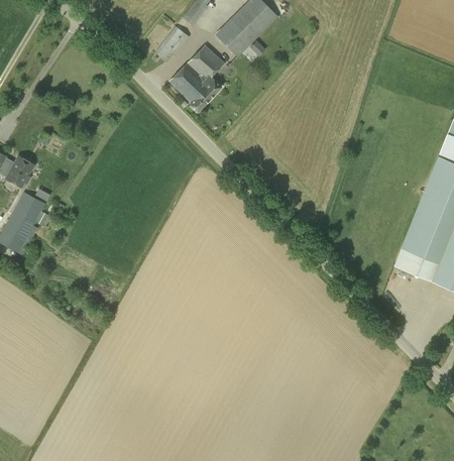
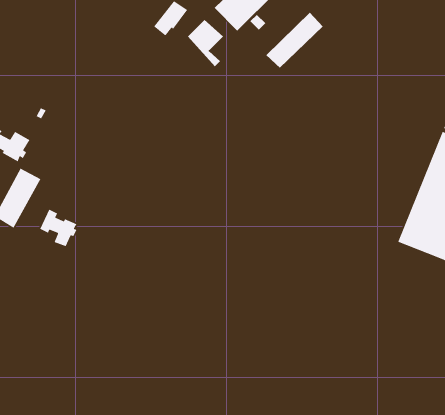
building: none -> [265,12,323,68]
building: [168,63,215,112] -> none
building: none -> [39,208,78,247]

